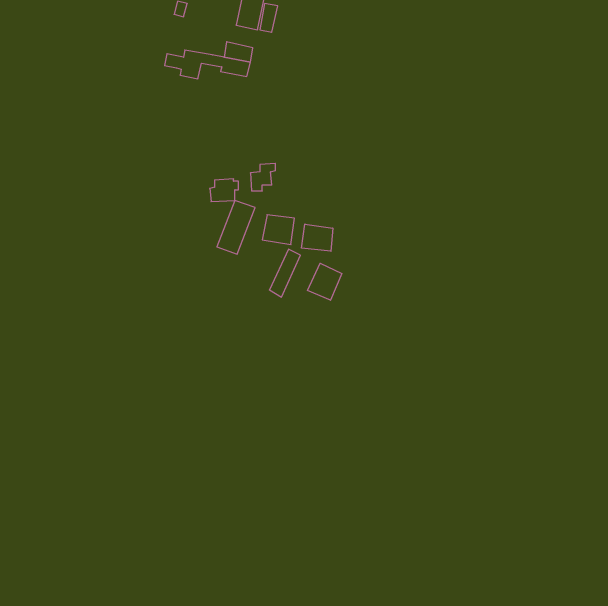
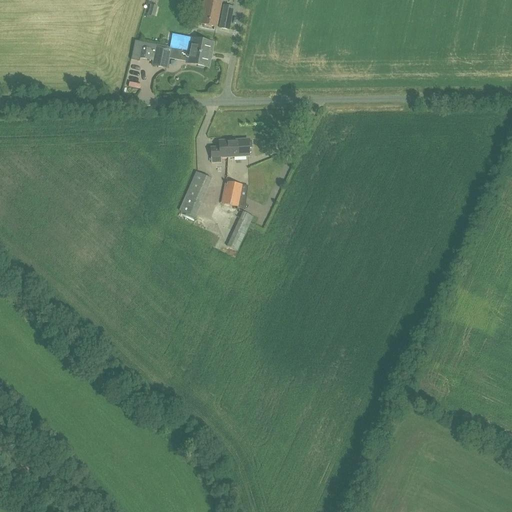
building: [210,179,238,202] -> [227,136,251,155]
building: [302,224,333,251] -> none
building: [307,263,342,300] -> none

